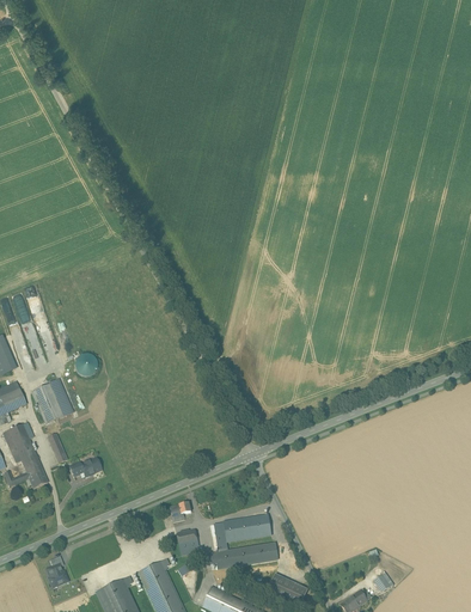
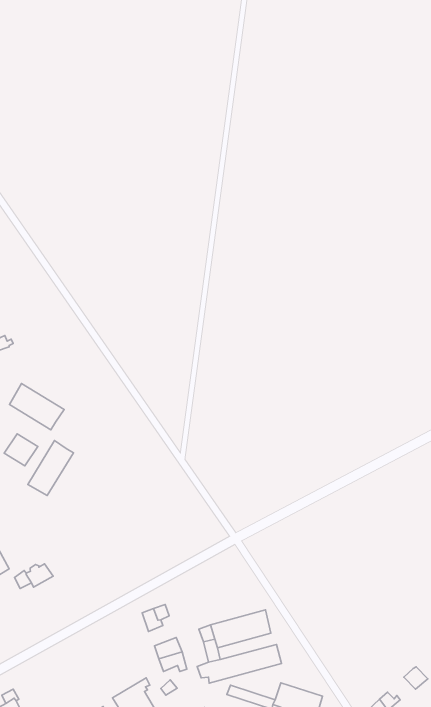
building: none -> [10,384,64,430]
building: none -> [28,441,73,495]

